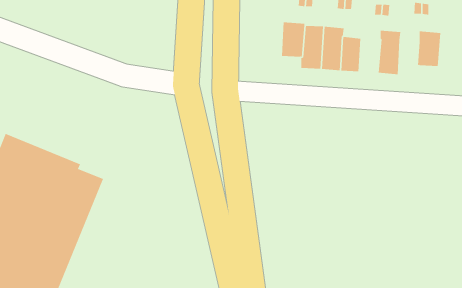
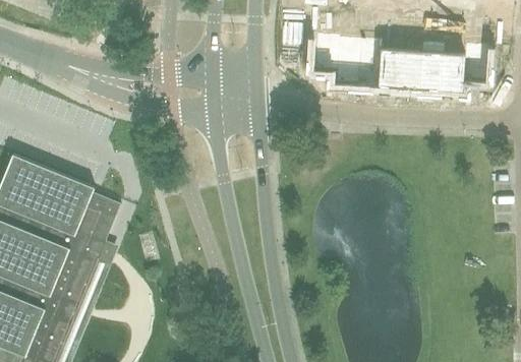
building: none -> [400,52,423,89]
building: none -> [443,54,465,93]

